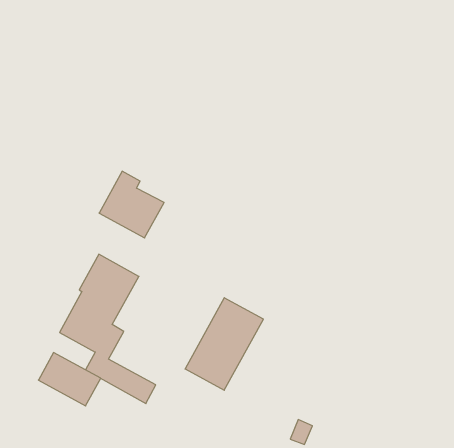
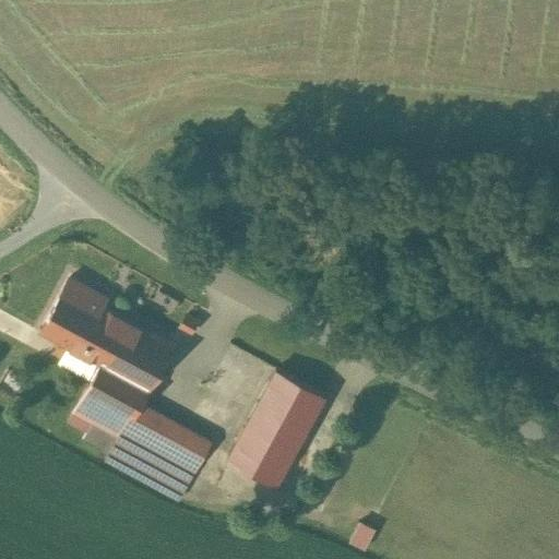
building: [99,171,164,238] -> [43,282,122,364]
building: [38,353,101,406] -> [134,415,211,480]

